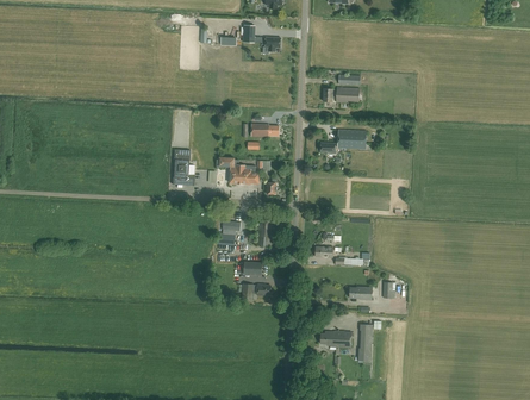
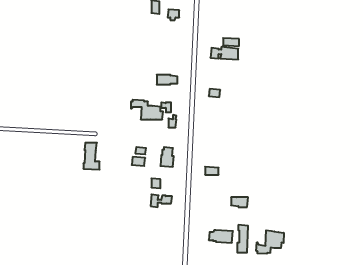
building: [337,129,366,150] -> none
building: [172,149,193,185] -> [83,143,100,170]
building: none -> [256,230,284,254]

